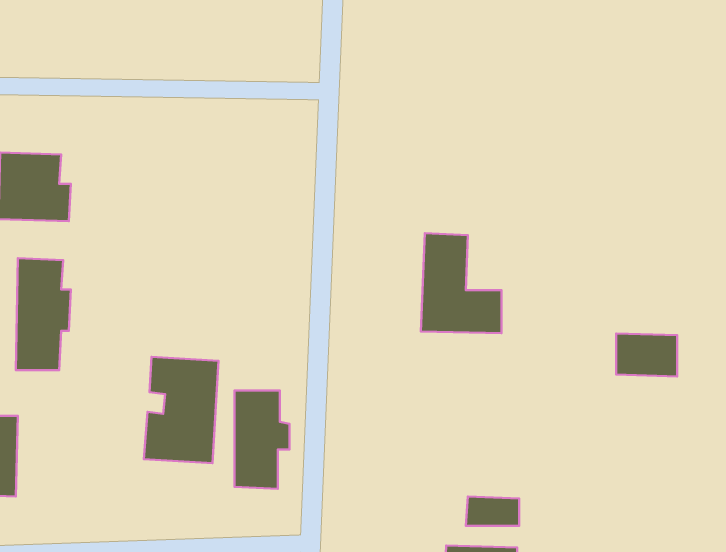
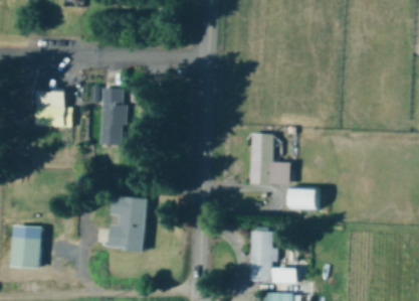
building: [16,258,71,370] -> [99,88,128,145]
building: [616,333,677,377] -> [292,188,324,210]
building: [234,390,290,489] -> [249,232,277,282]

